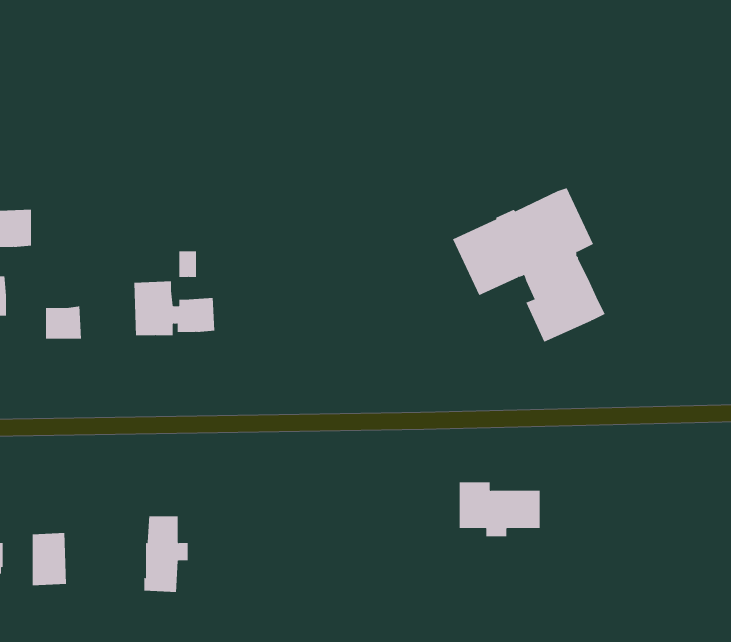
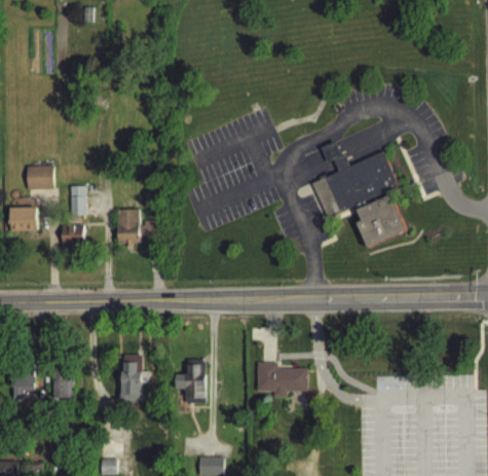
building: none -> [69,186,85,216]
building: [459,482,541,537] -> [257,363,307,397]
building: none -> [176,360,205,403]

